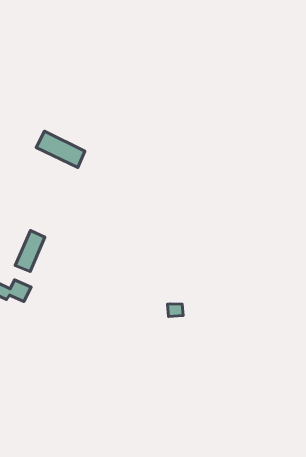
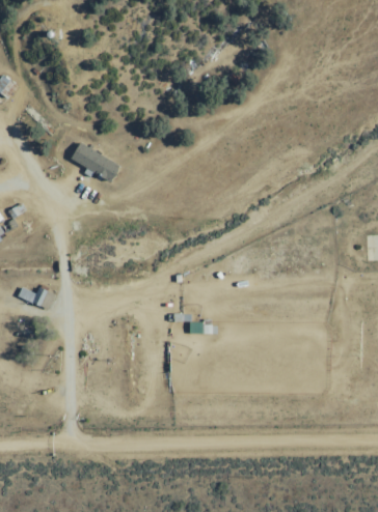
building: [15,230,45,272] -> none

